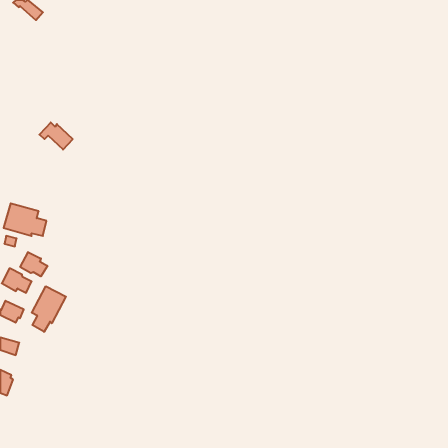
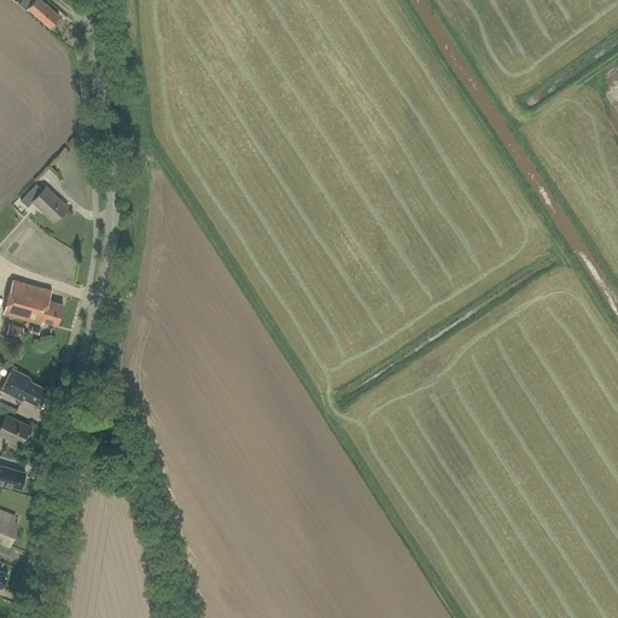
building: [39,122,73,150] -> [21,185,66,222]
building: [20,252,47,276] -> none
building: [32,286,66,332] -> none

